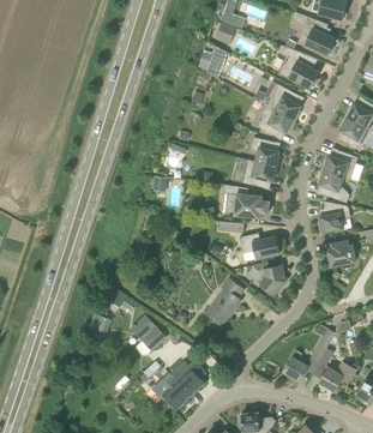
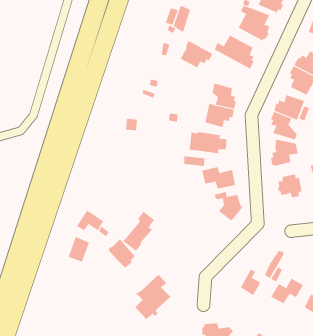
building: [258,104,296,137] -> [180,40,213,68]
building: [206,277,243,324] -> [122,211,155,252]

